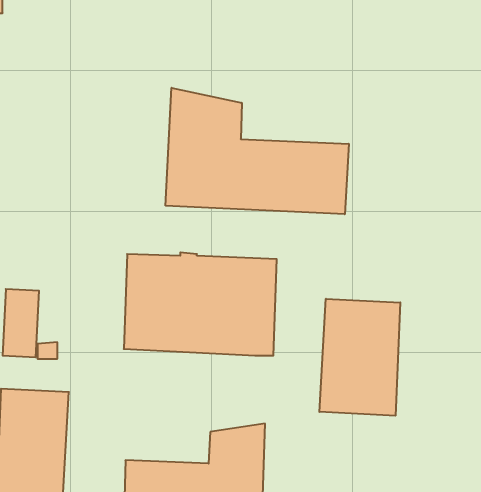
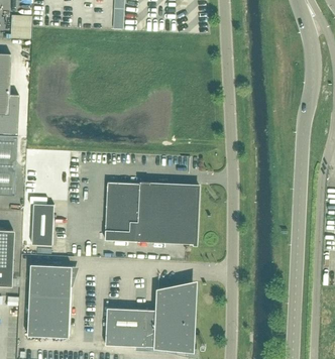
building: [166,88,349,214] -> none
building: [319,299,400,416] -> none

